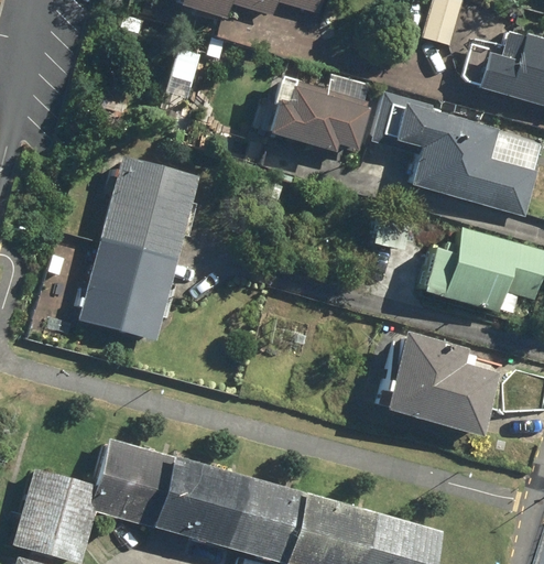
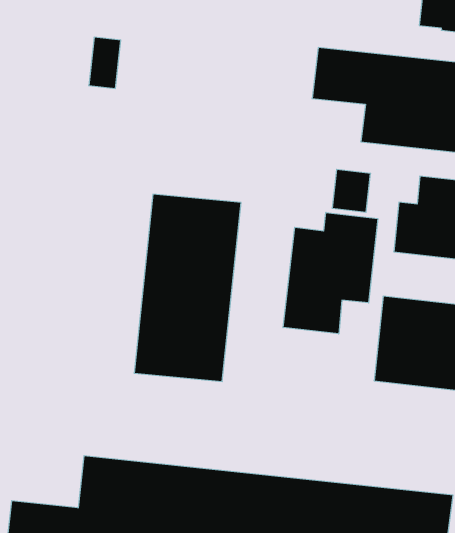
building: [263,79,370,154] -> none
building: [76,156,200,340] -> [134,194,241,381]
building: none -> [283,212,378,334]

